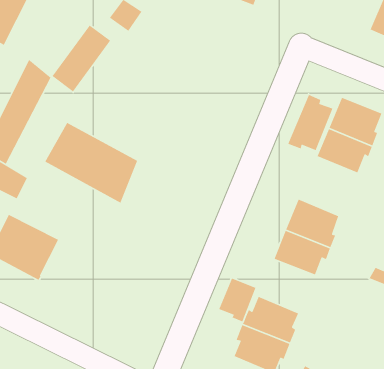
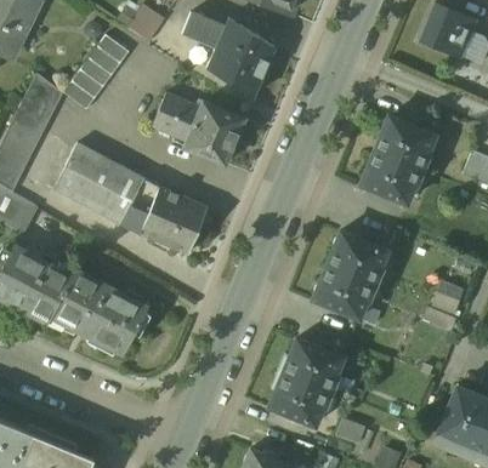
building: none -> [183,12,273,96]
building: none -> [153,92,245,164]
building: [287,94,334,151] -> none
building: none -> [141,187,208,253]
building: none -> [51,270,147,353]
building: [218,277,257,322] -> none

